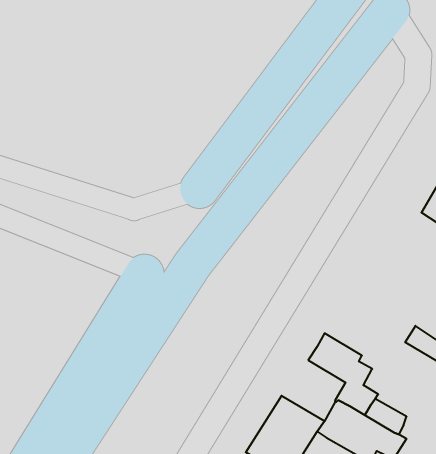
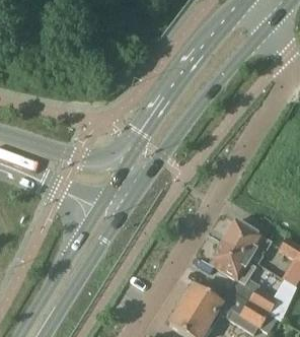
building: none -> [223,222,271,264]

